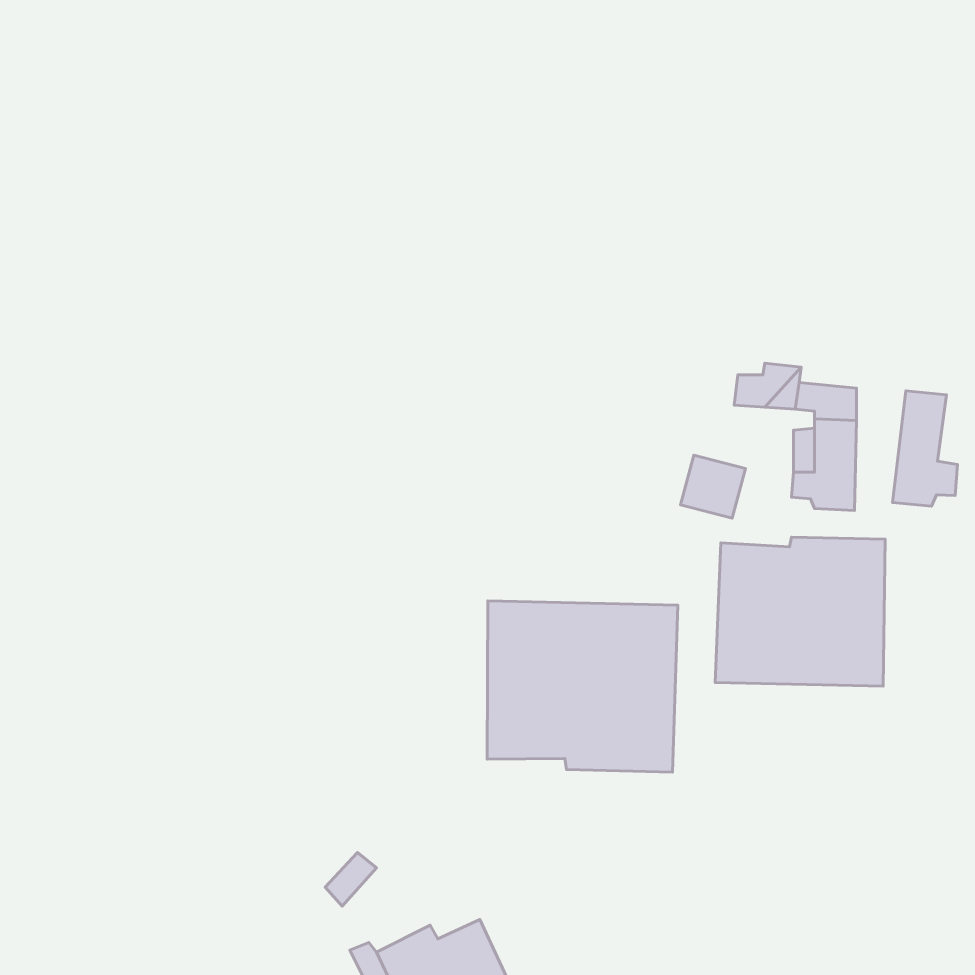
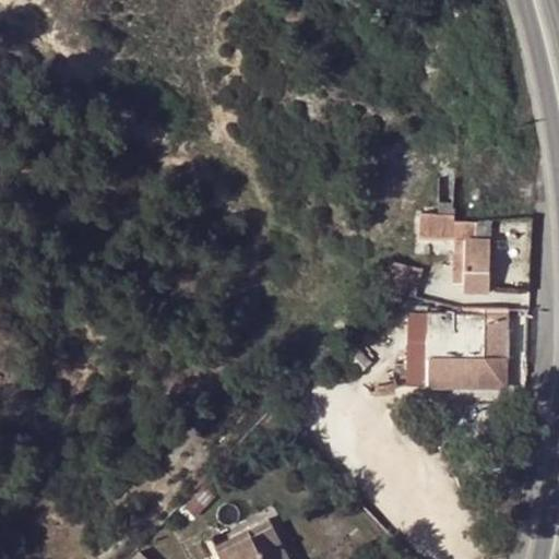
building: [892,391,958,506] -> none
building: [487,601,678,772] -> none

